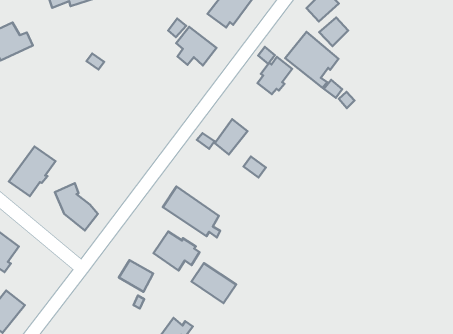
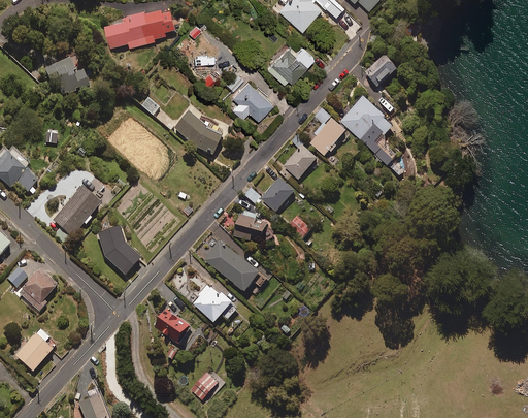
building: [319,17,348,46] -> none
building: none -> [173,114,221,156]
building: none -> [284,144,318,179]
building: none -> [234,210,275,244]
building: [191,263,236,303] -> none

